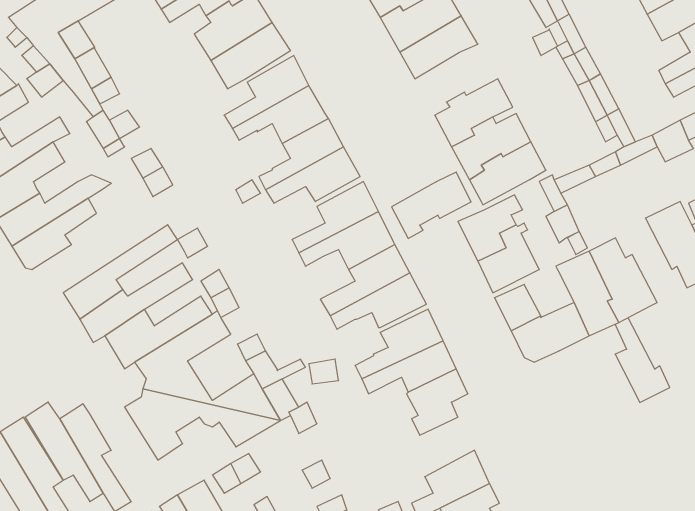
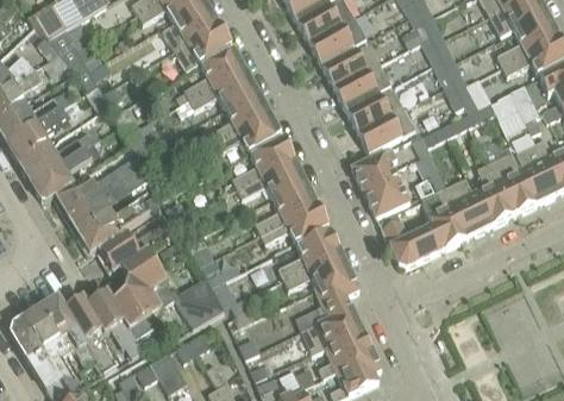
building: [392,172,471,238] -> [322,42,380,89]
building: none -> [55,156,143,217]
building: [615,318,670,402] -> [476,163,515,224]
building: none -> [87,290,144,357]
building: none -> [300,306,363,356]

